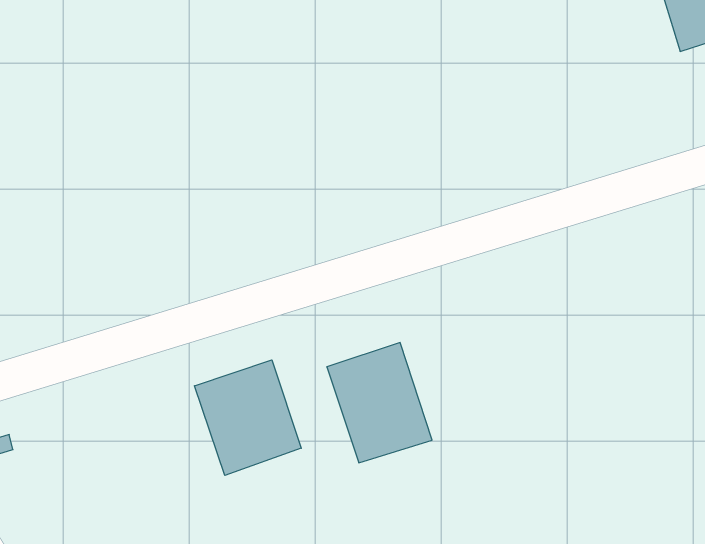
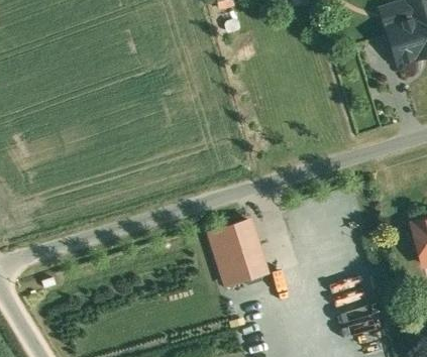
building: [194,360,301,475] -> none

